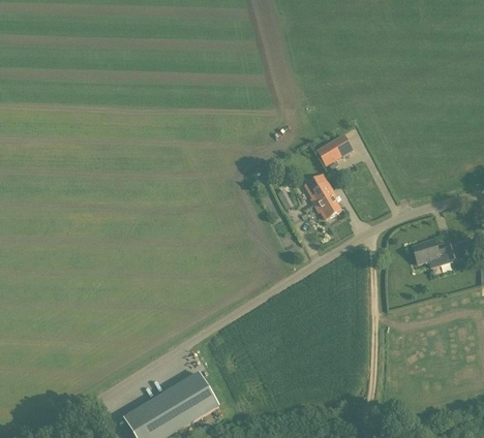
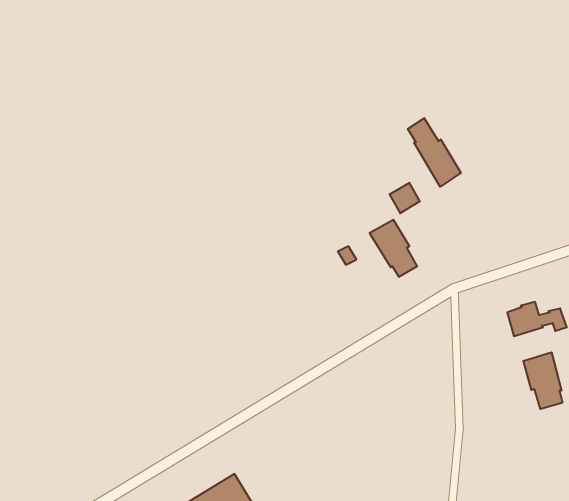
building: none -> [408,118,461,187]
building: none -> [523,352,562,409]

